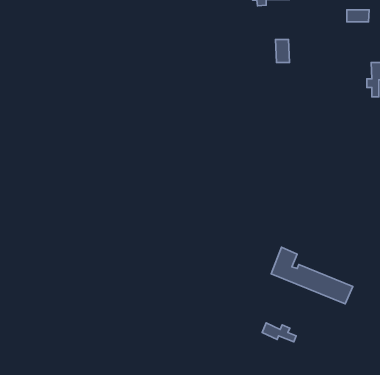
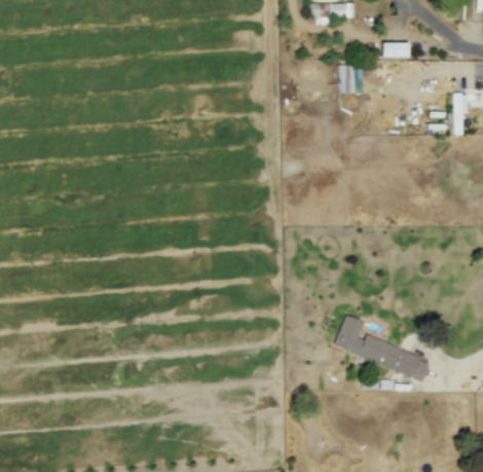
building: [347,10,369,22] -> [382,43,409,58]
building: [262,323,296,342] -> none

